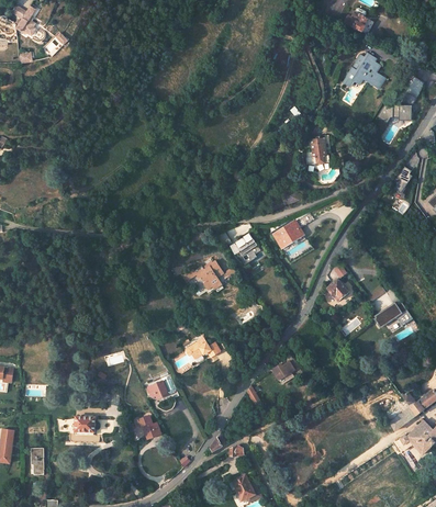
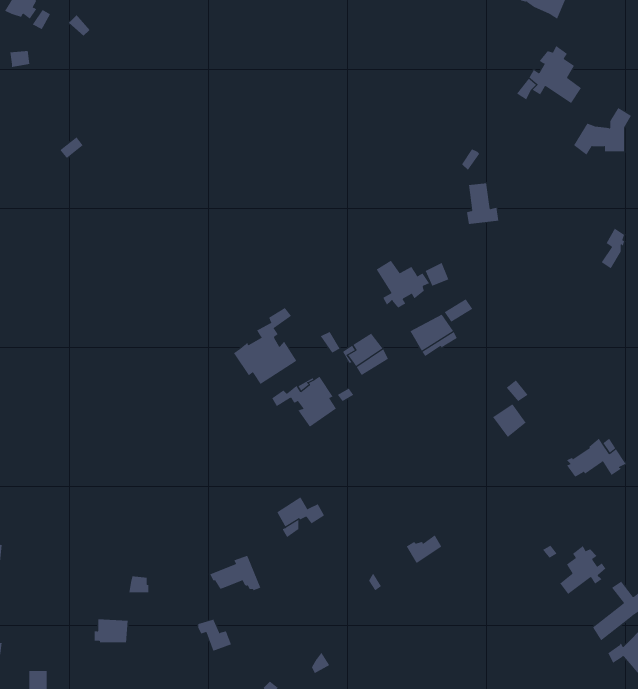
building: none -> [376,260,430,309]
building: none -> [233,307,297,385]
building: none -> [560,545,606,595]

